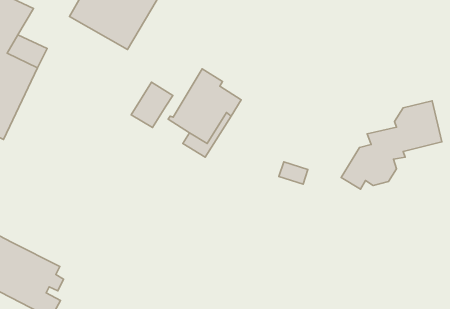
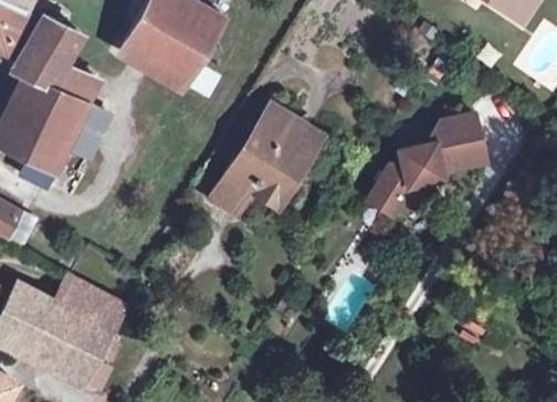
building: [131,82,173,128] -> [211,162,259,214]
building: [341,101,442,189] -> [368,113,483,213]
building: none -> [56,278,122,330]

